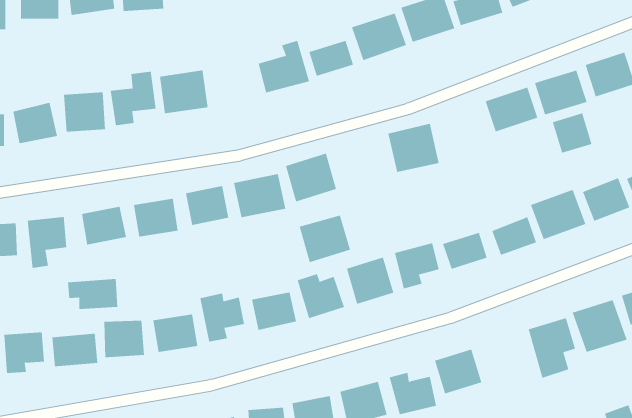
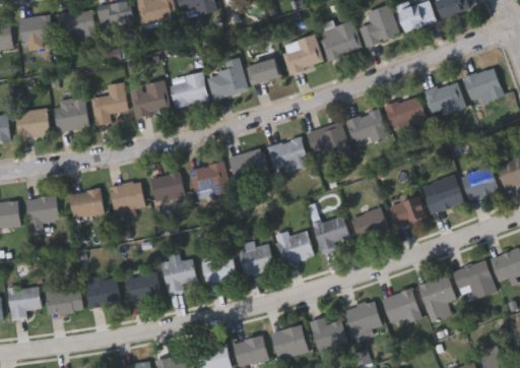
building: none -> [170,75,207,107]
building: none -> [346,109,388,143]
building: [552,113,592,154] -> none
building: [299,215,351,263] -> [268,137,309,175]
building: [68,278,118,310] -> none
building: none -> [383,289,421,327]

